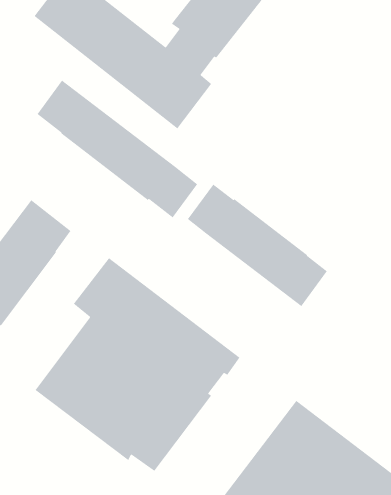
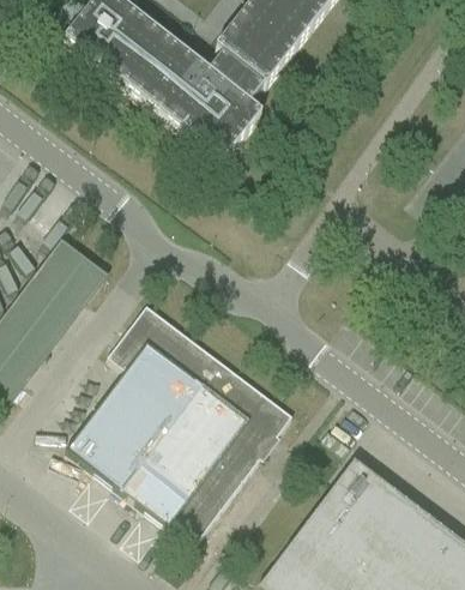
building: [37,80,198,219] -> none
building: [187,183,328,307] -> none

